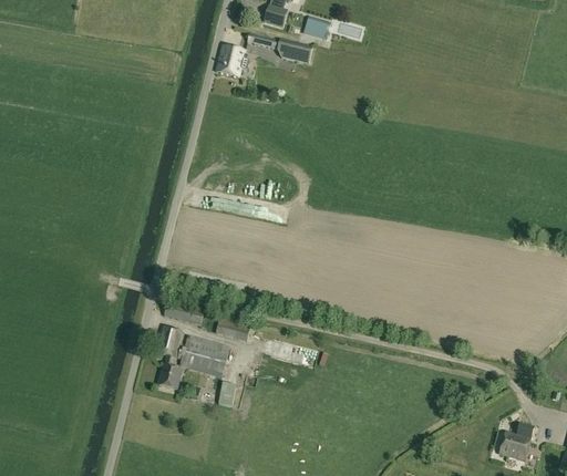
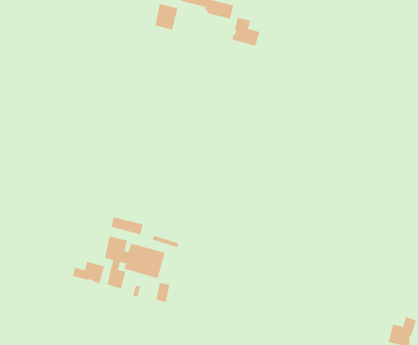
building: none -> [232,17,260,47]
building: none -> [72,261,105,284]

